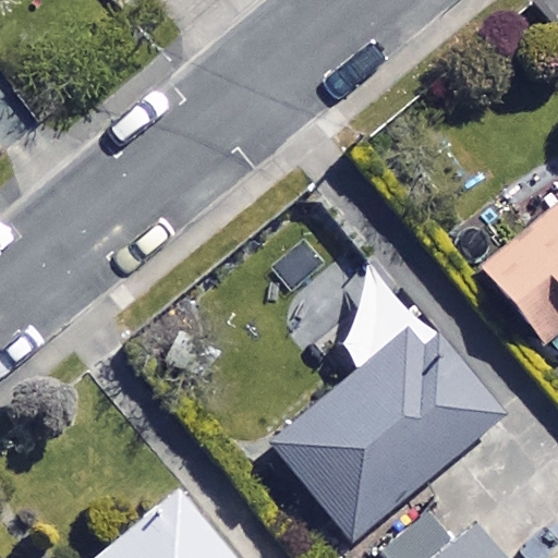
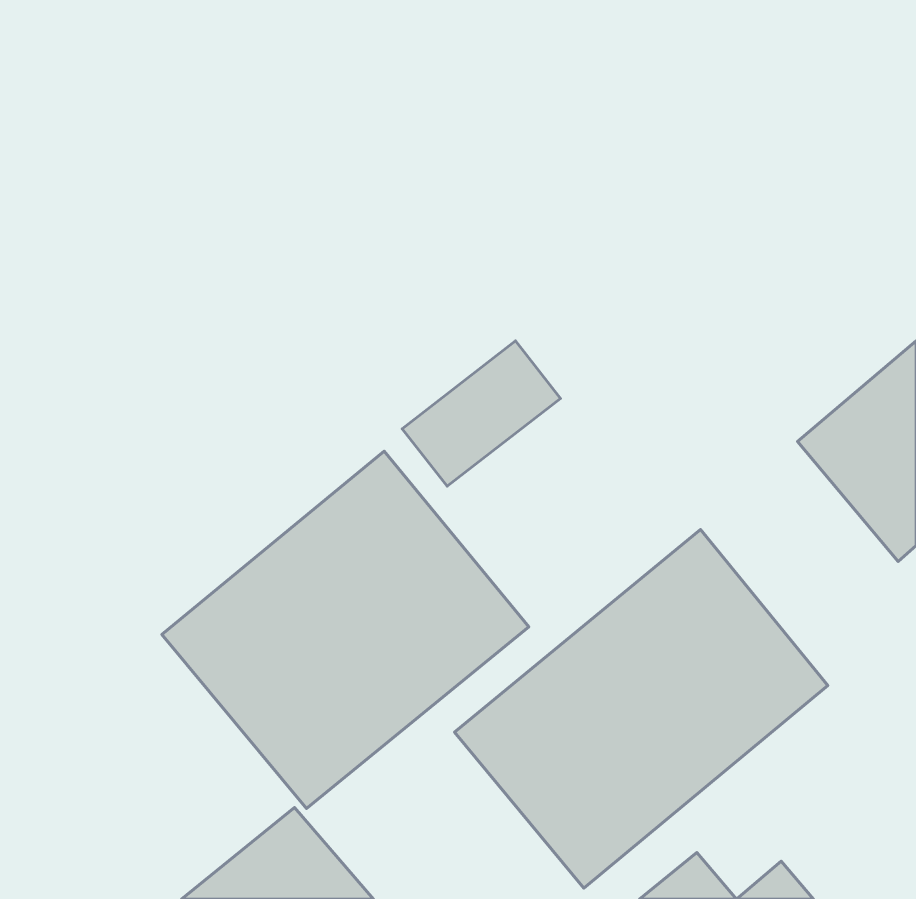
building: none -> [162,451,529,808]

